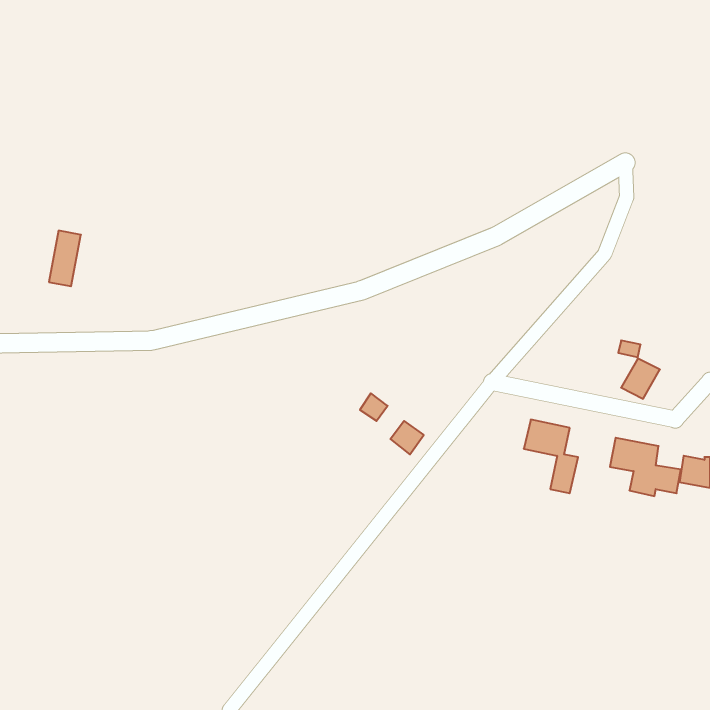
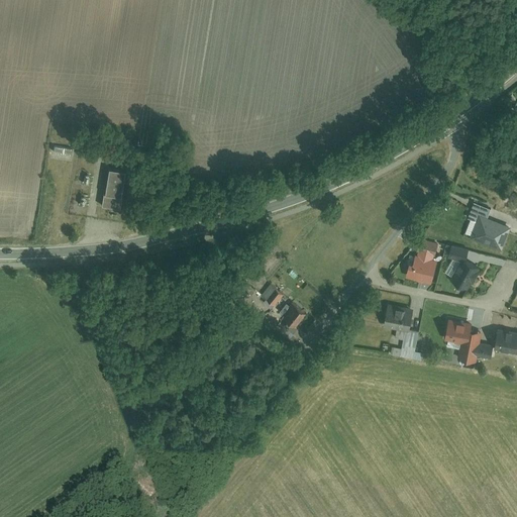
building: [49,231,81,286] -> [102,169,125,209]
building: none -> [473,216,508,246]
building: none -> [406,246,435,284]

